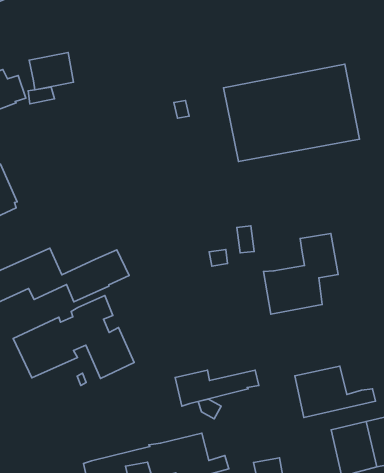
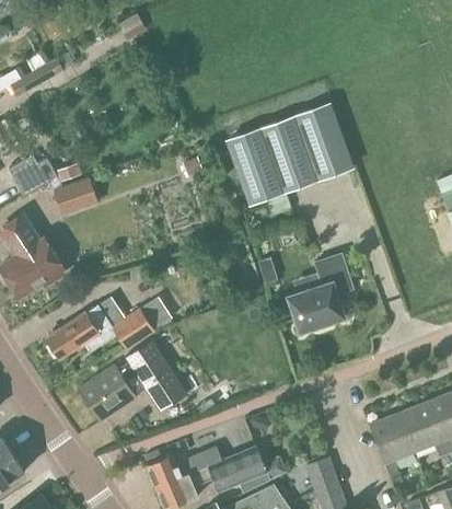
building: [29,53,73,90] -> [55,177,96,215]
building: [295,366,375,417] -> none
building: [175,370,259,406] -> [147,447,221,488]

